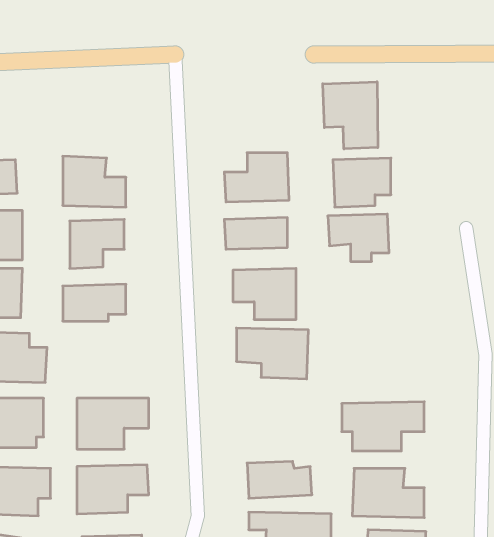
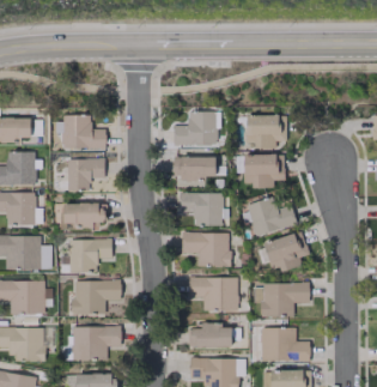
building: [323,82,378,149] -> none
building: none -> [247,198,297,237]
building: none -> [263,232,309,273]
building: none -> [68,238,111,273]
building: none -> [188,277,238,312]

